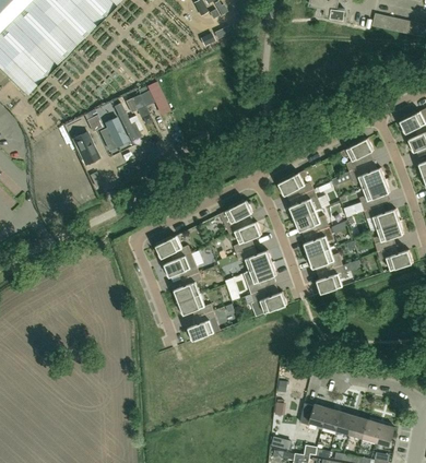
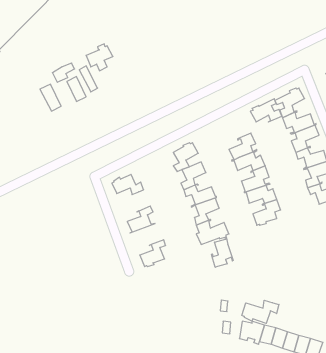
building: [277,169,313,195] -> [250,99,282,122]
building: [163,253,199,278] -> none
building: [176,292,214,317] -> none
building: none -> [211,237,233,267]
building: none -> [242,300,279,323]

